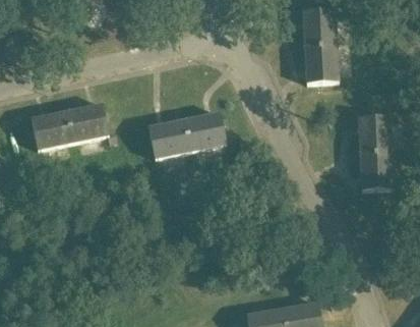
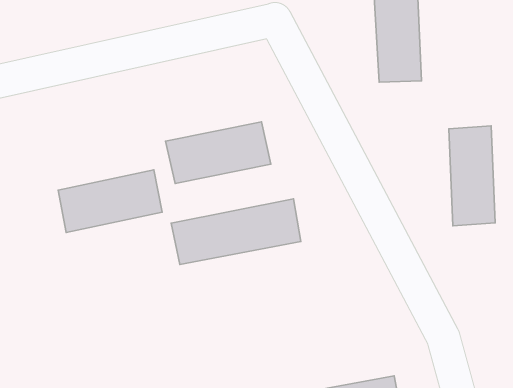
building: [32,103,109,150] -> [58,170,162,233]
building: none -> [171,199,301,264]

